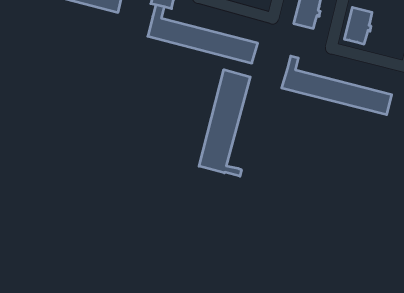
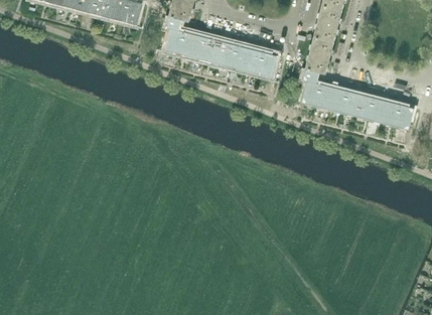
building: [344,7,372,44] -> [306,35,334,72]
building: [199,70,250,176] -> none

